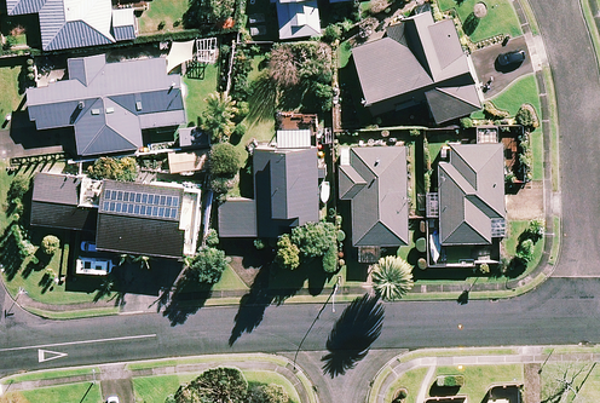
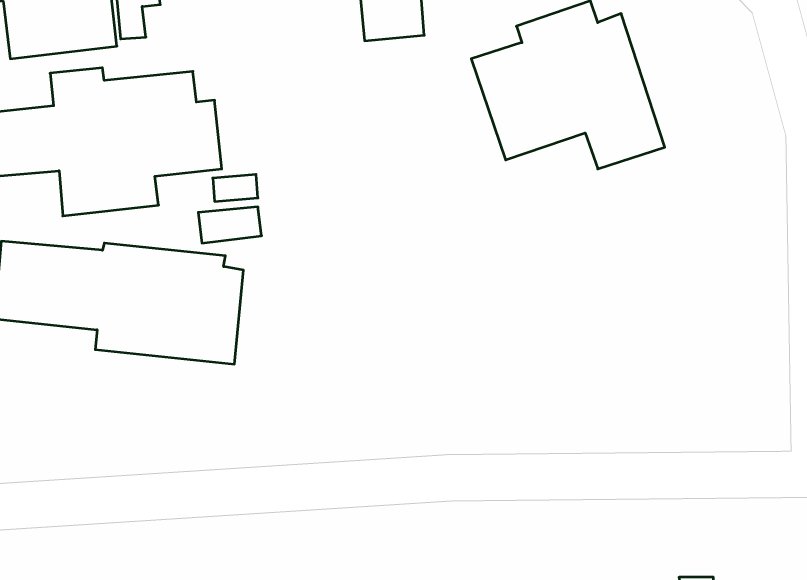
building: [438,128,519,244] -> none
building: [336,146,406,261] -> none
building: [218,149,317,236] -> none

